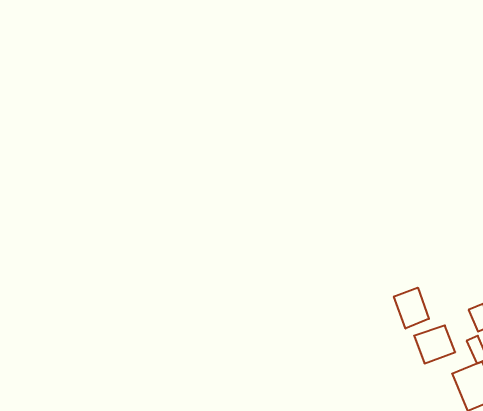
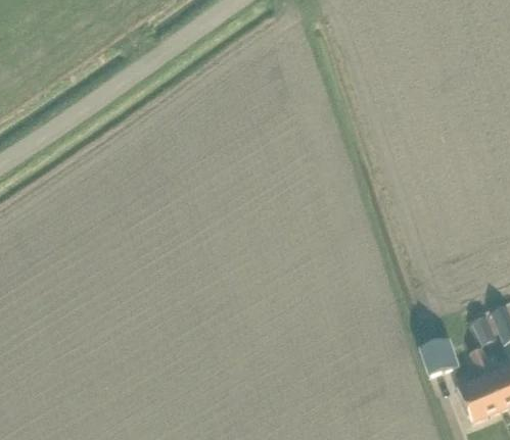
building: [394,288,429,329] -> none

